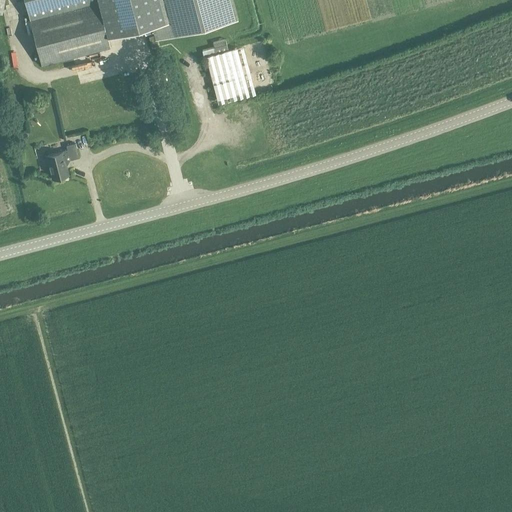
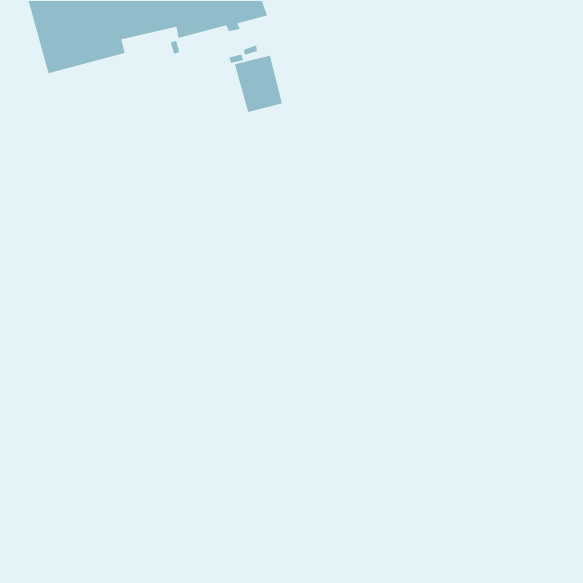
building: [46,143,79,179] -> none

